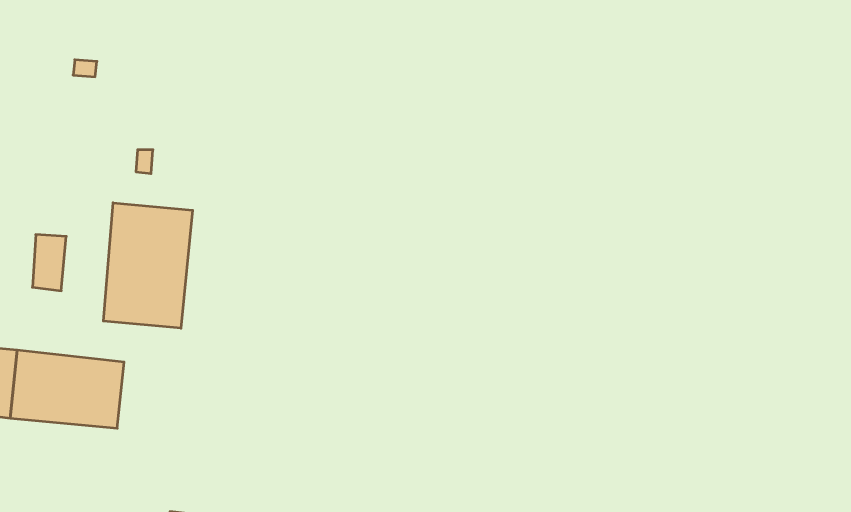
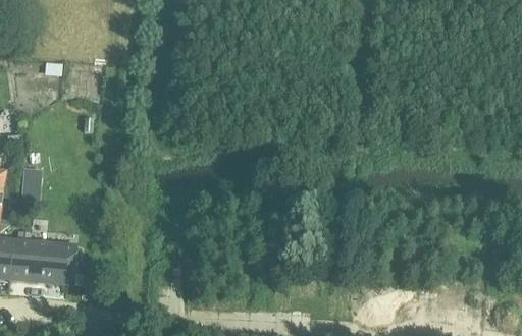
building: [103,203,193,328] -> none

